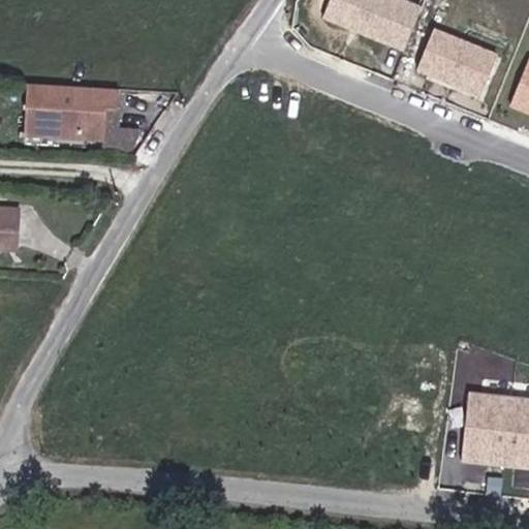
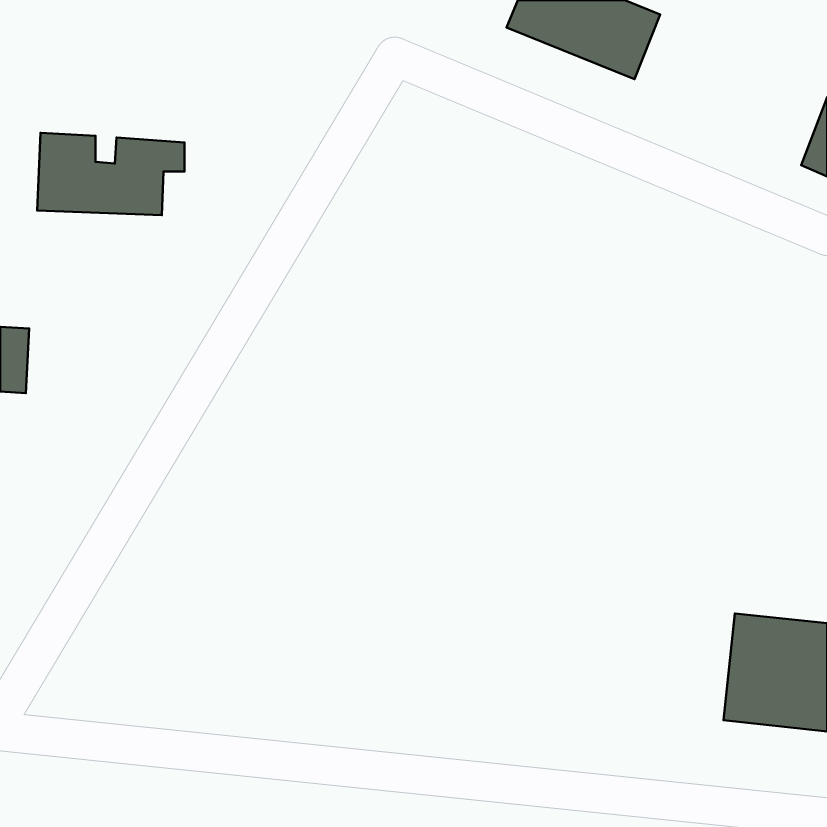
building: [418,30,498,95] -> none

